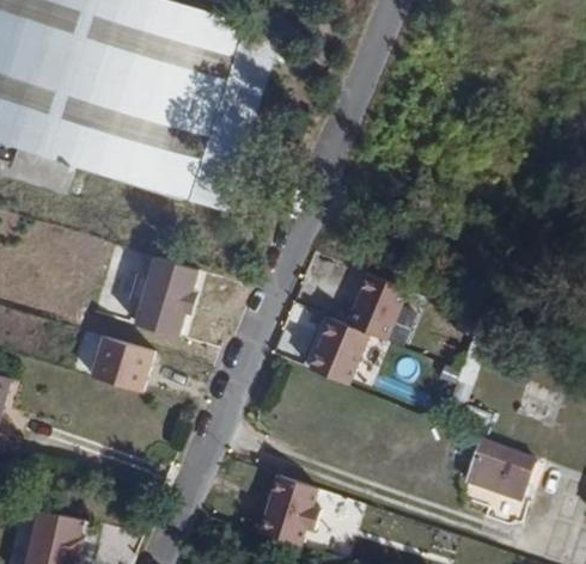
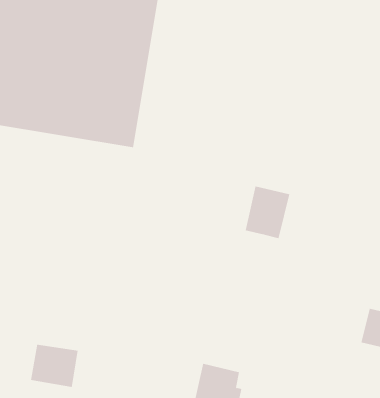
building: [133,258,195,337] -> none
building: [307,320,366,384] -> none
building: [87,335,149,392] -> [30,344,79,388]

